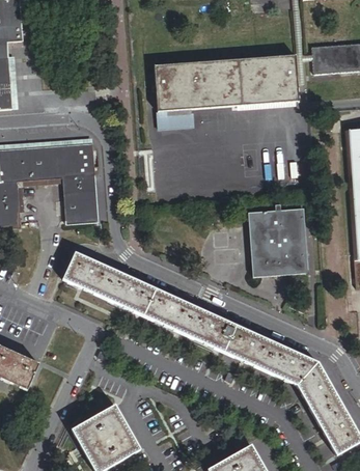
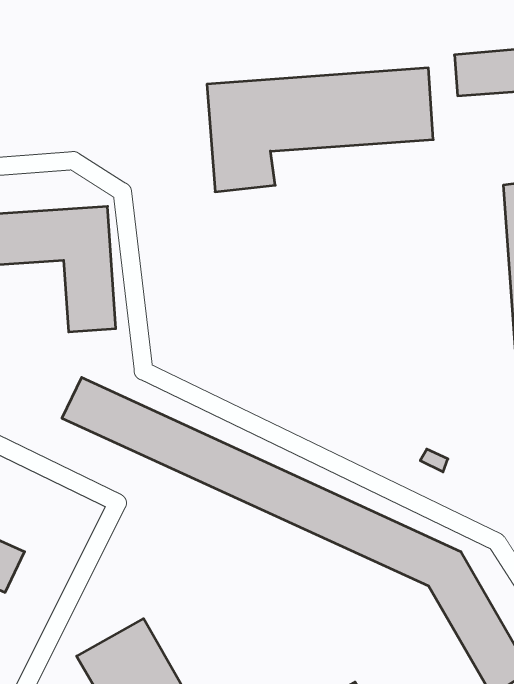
building: [249,207,309,277] -> none

